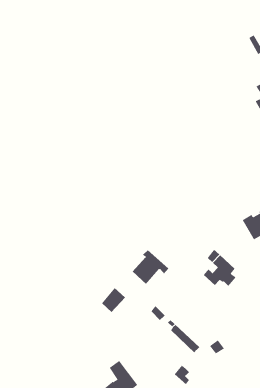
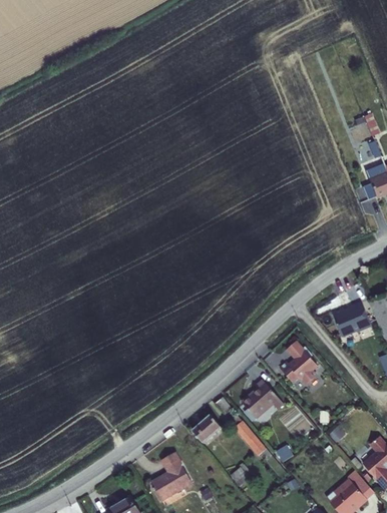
building: [132,249,169,285] -> [241,381,283,420]
building: [101,287,126,313] -> [192,414,221,442]

